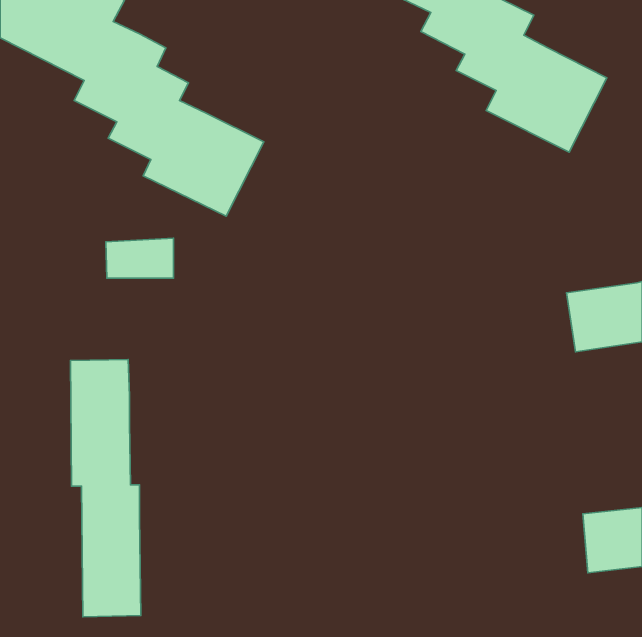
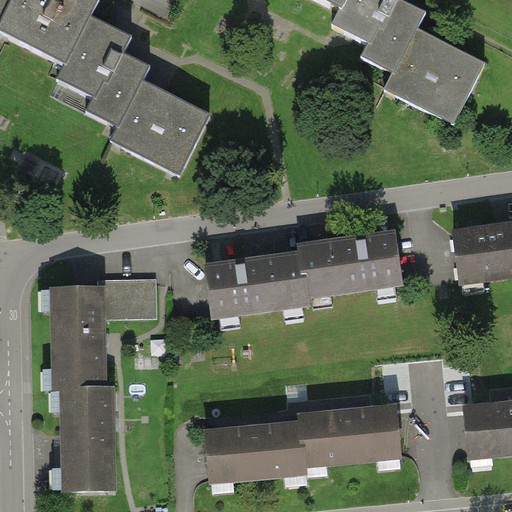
building: [106,238,174,278] -> [102,283,156,315]
building: none -> [207,236,401,316]
building: none -> [204,407,400,482]

